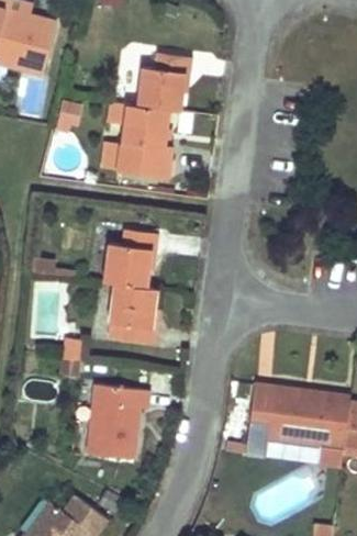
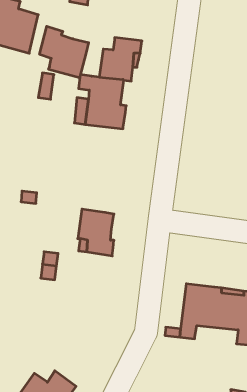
building: none -> [40,26,89,78]
building: [104,230,159,287] -> none
building: [86,384,149,457] -> none

